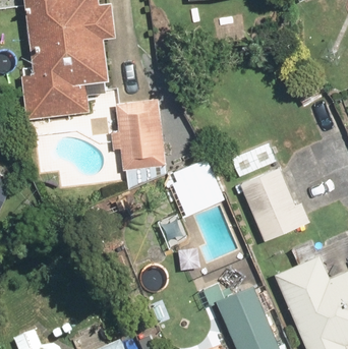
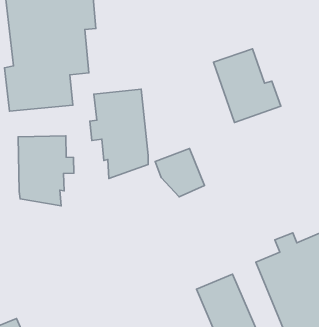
building: none -> [18,136,74,206]
building: [241,169,309,243] -> [213,49,281,122]

